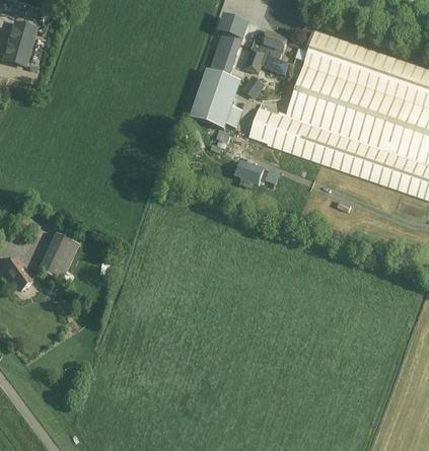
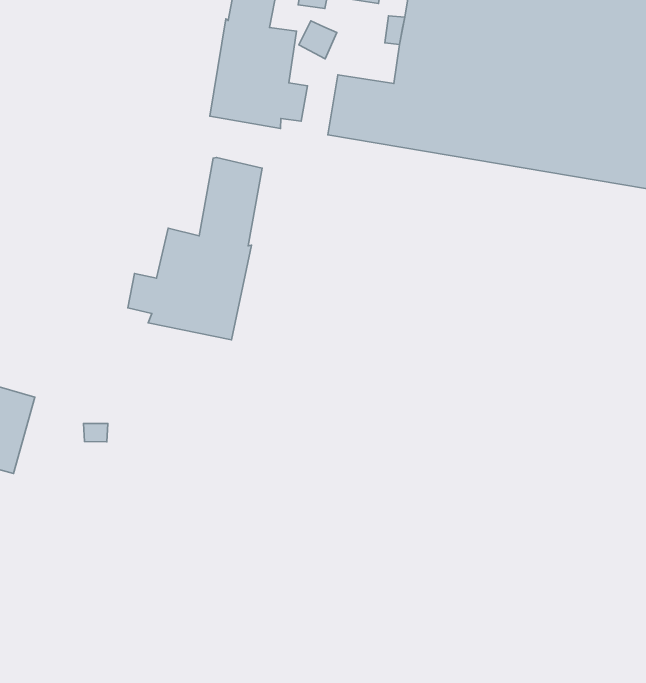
building: none -> [128,158,262,340]
building: [234,160,263,184] -> none

